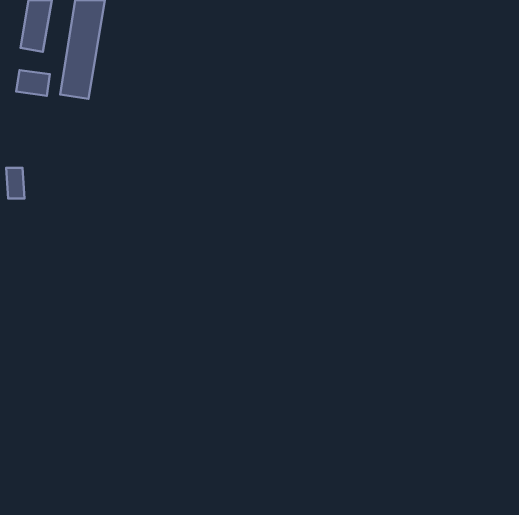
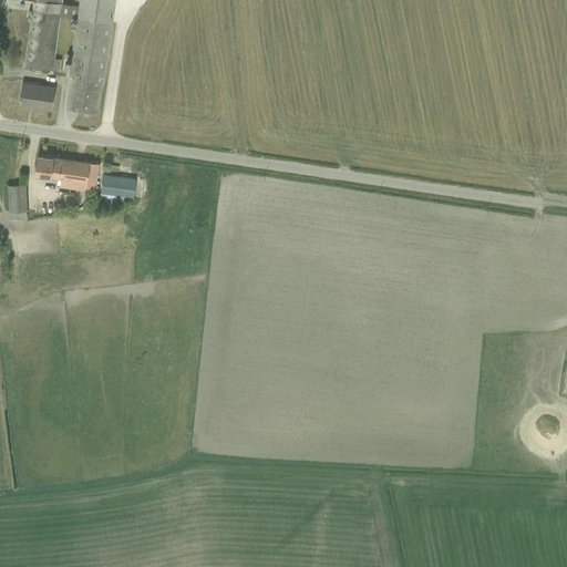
building: none -> [34,154,99,193]
building: none -> [100,175,136,206]

